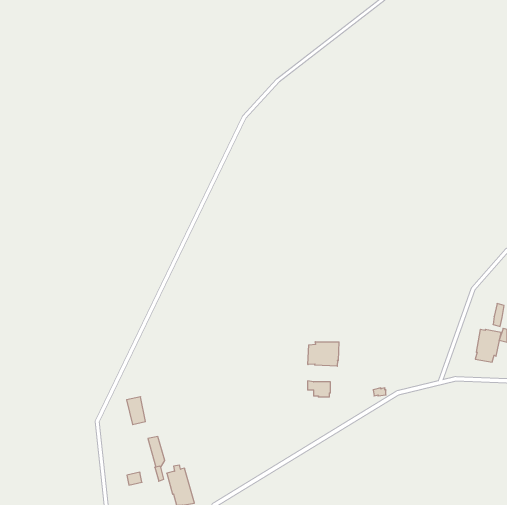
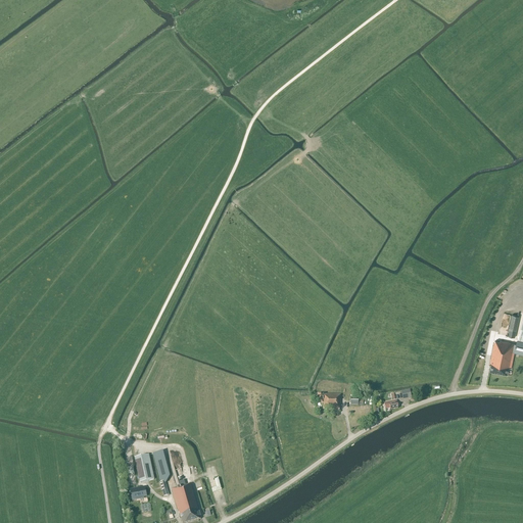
building: [308,342,339,366] -> none
building: [127,397,145,425] -> [134,453,153,481]

